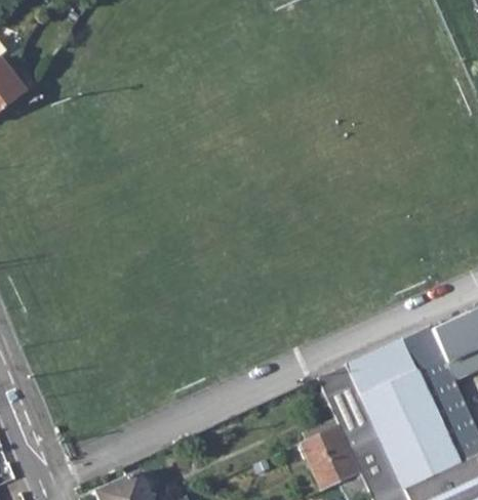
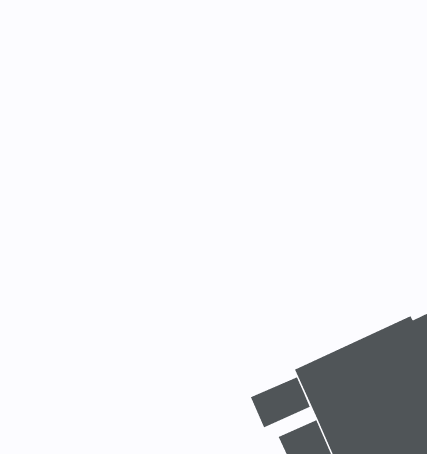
building: none -> [250,377,310,428]

